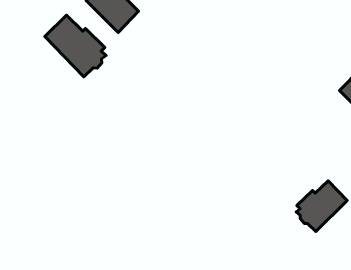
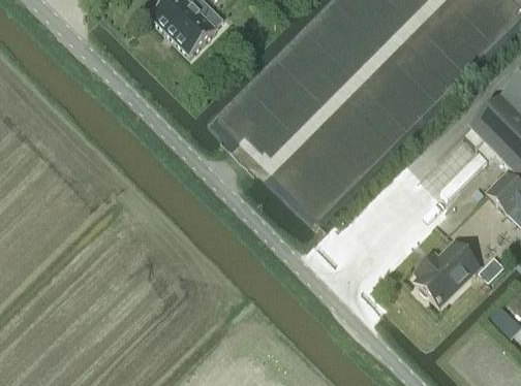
building: [45,15,106,77] -> none

